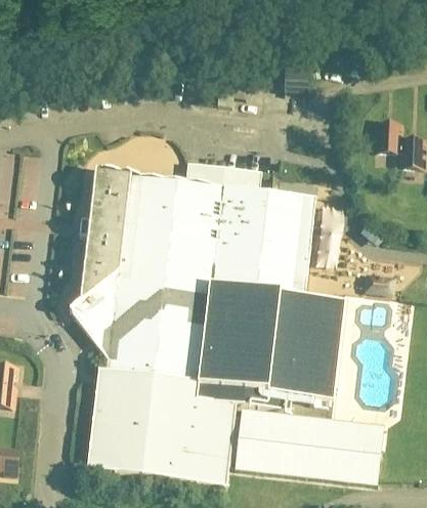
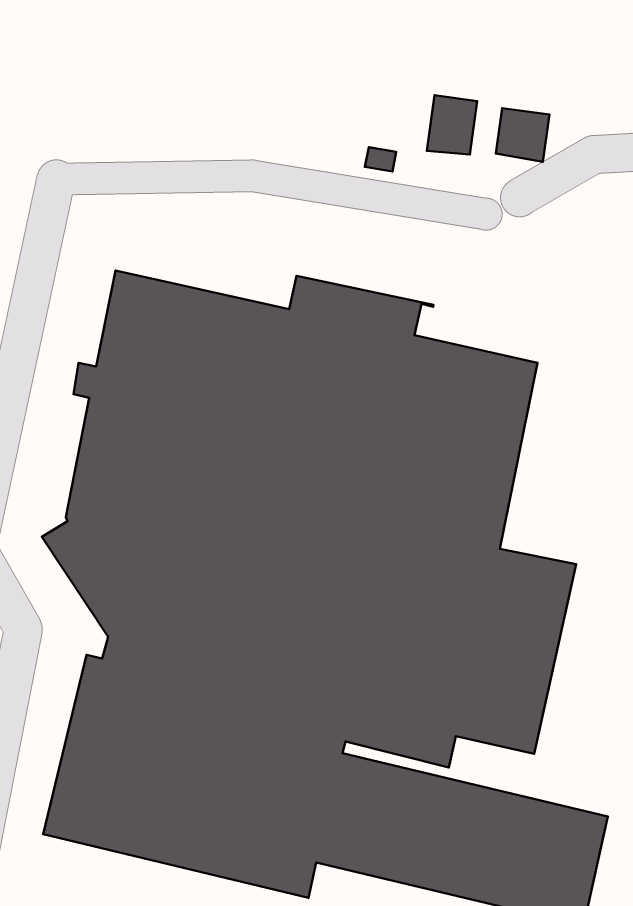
building: none -> [427,95,477,154]

